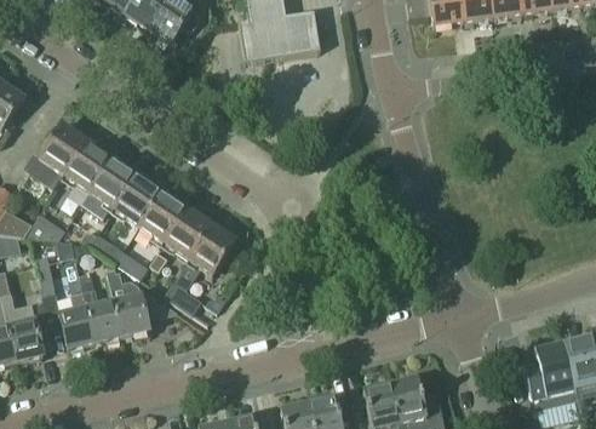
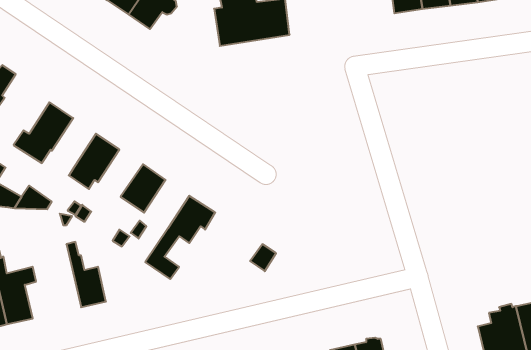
building: [63,139,110,191] -> none
building: [113,173,161,224] -> none
building: [162,206,211,258] -> none
building: [35,254,94,349] -> none
building: [105,269,176,337] -> none

